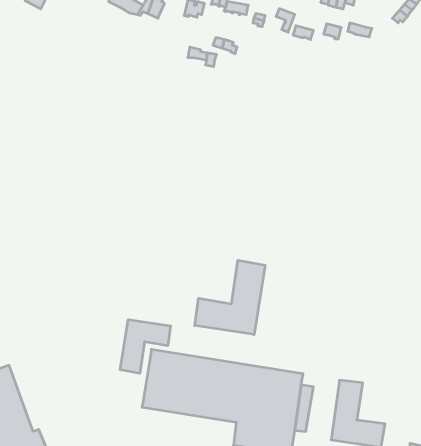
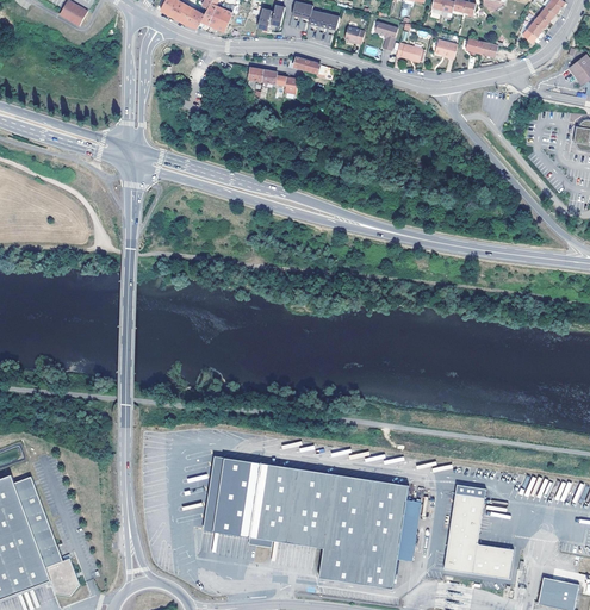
building: [195,260,265,335] -> none
building: [120,320,171,373] -> none

